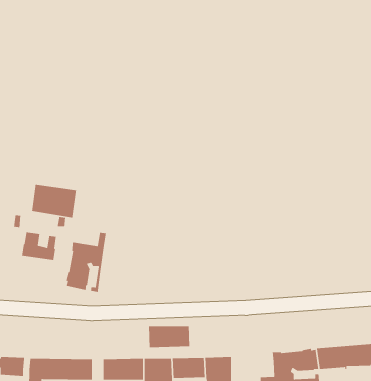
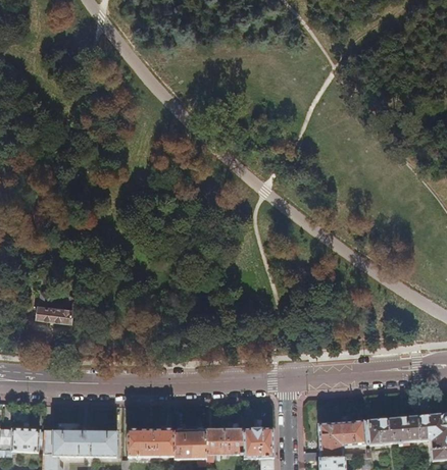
building: [31,184,77,218] -> none
building: [65,232,107,293] -> none
building: [148,325,190,348] -> none

